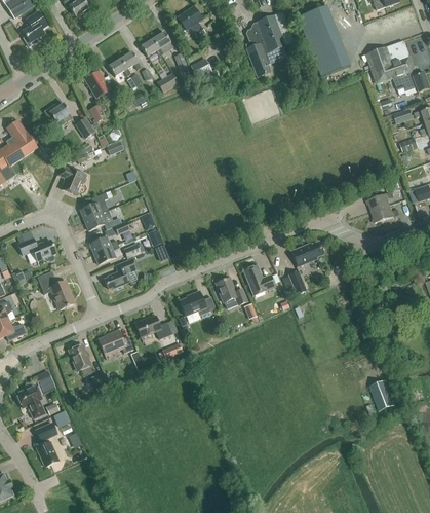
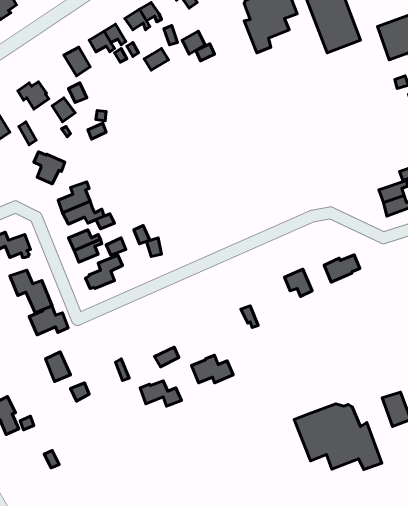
building: [290,242,322,266] -> [324,255,360,282]
building: [242,264,274,295] -> none
building: [213,277,247,305] -> none
building: [178,290,214,315] -> [192,355,233,383]
building: [135,316,172,338] -> [140,381,182,406]
building: [99,329,133,355] -> [29,306,68,335]
building: none -> [294,404,382,469]
building: [35,423,58,467] -> none

